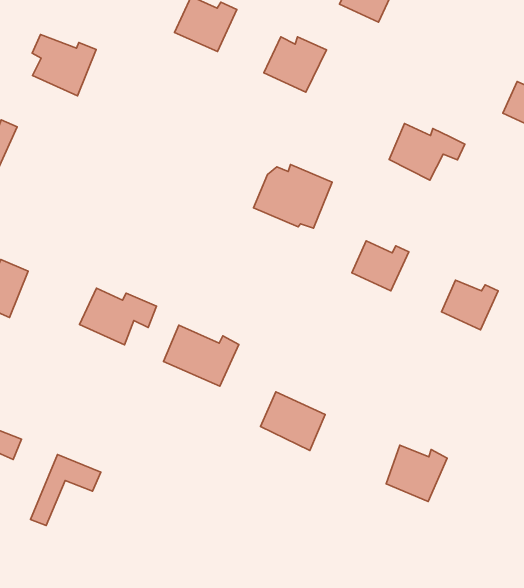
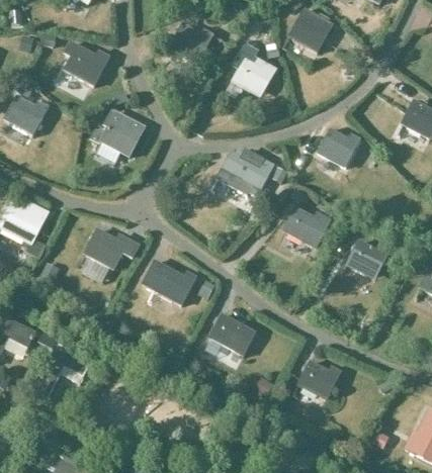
building: none -> [91,108,146,158]

